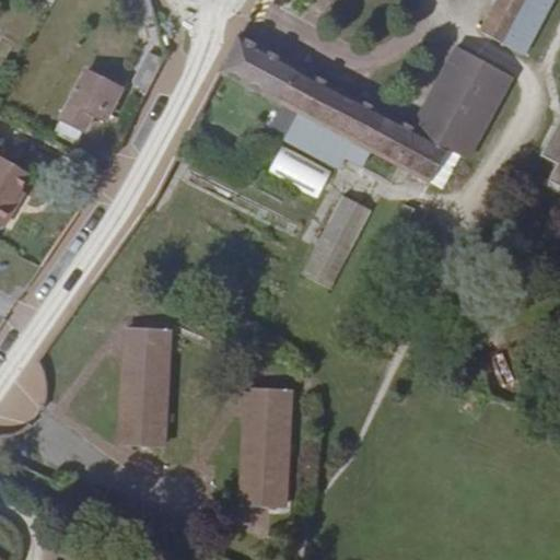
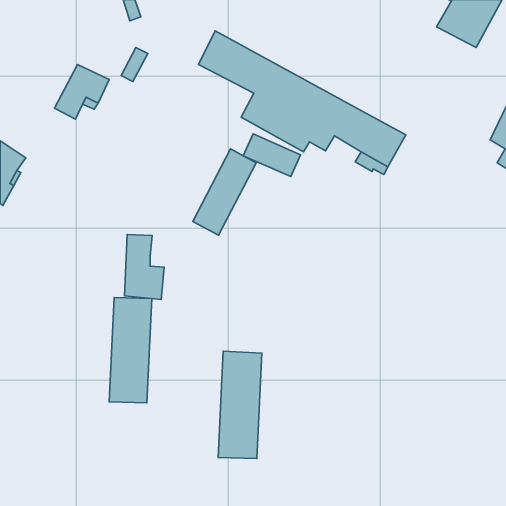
building: [412,47,512,160] -> none
building: [302,194,372,289] -> [193,149,256,235]
building: none -> [124,235,164,300]

